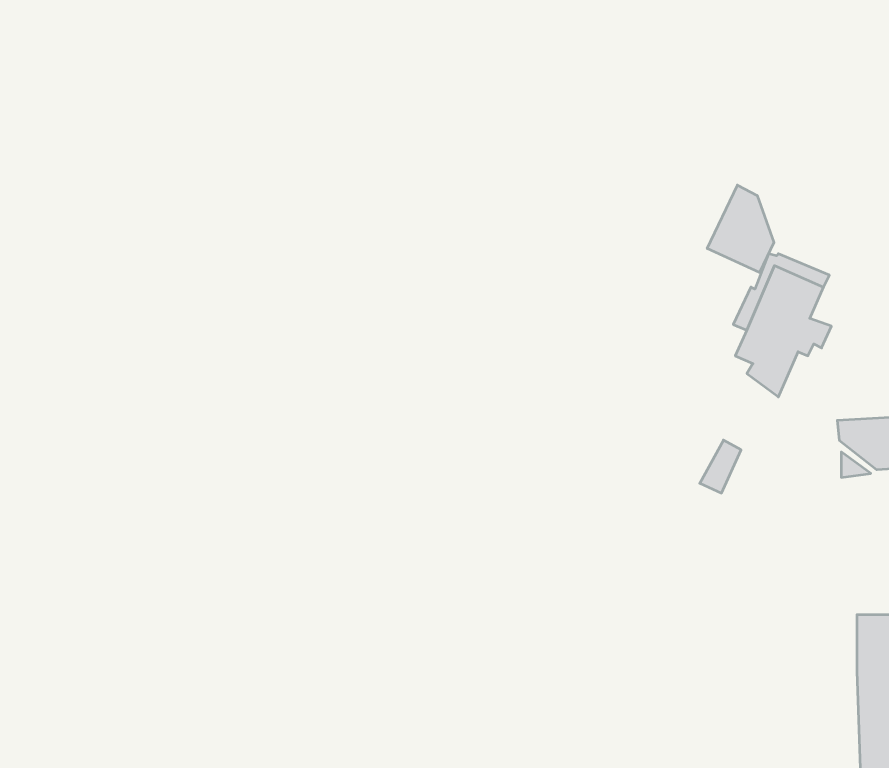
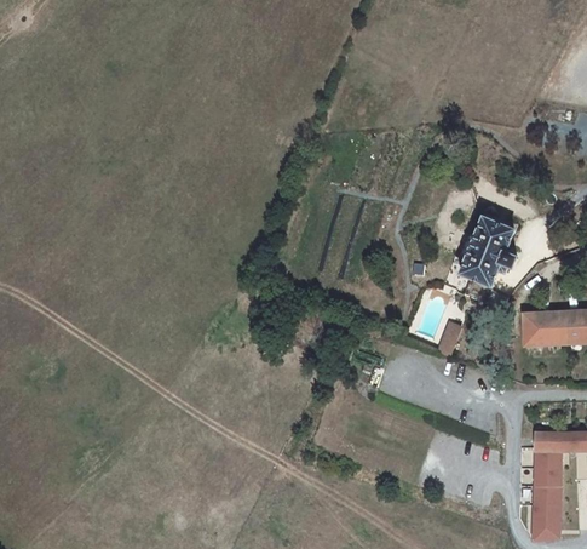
building: [707,185,774,272] -> none

